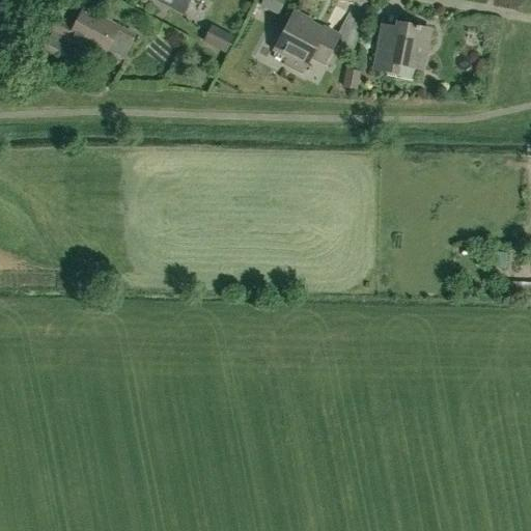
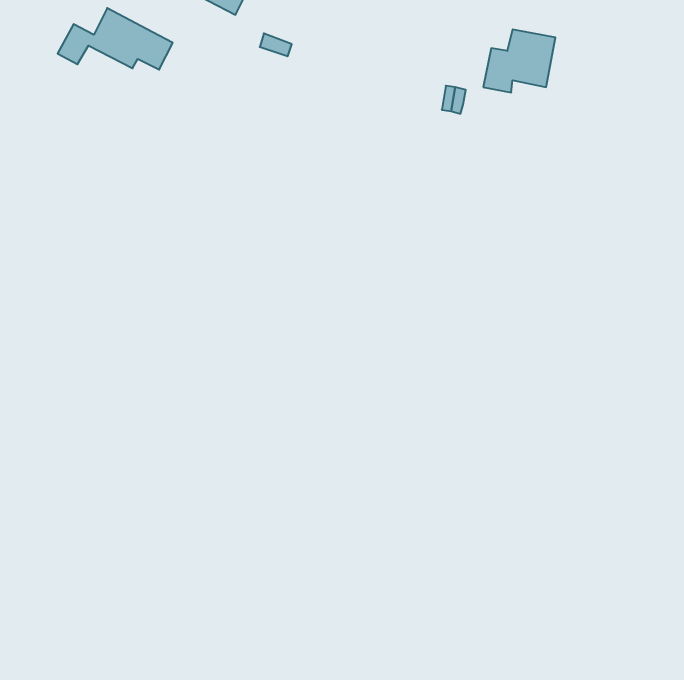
building: [273,11,337,68] -> none

